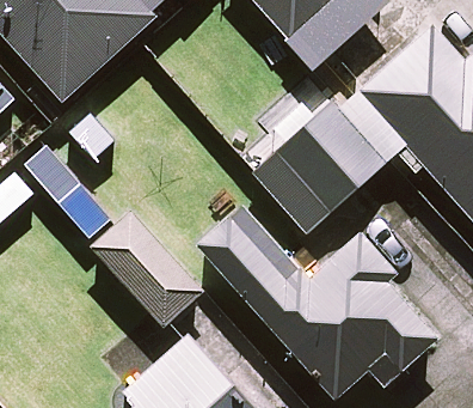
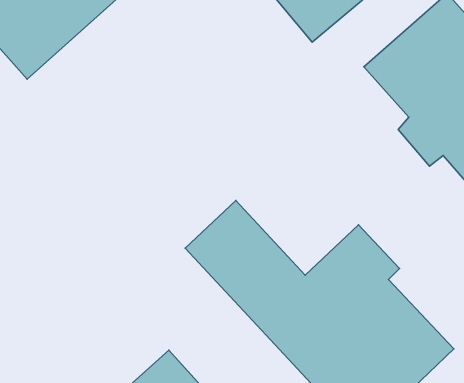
building: [252,99,387,232] -> none
building: [94,215,201,327] -> none

